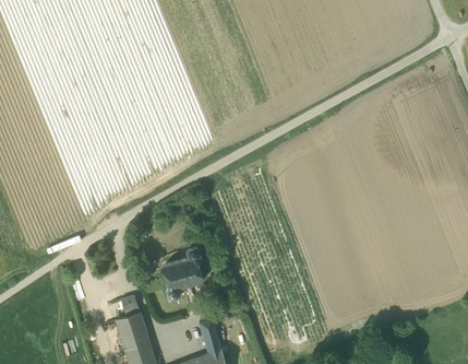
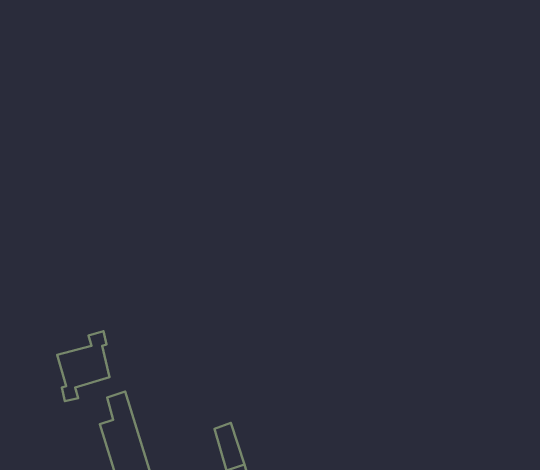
building: [164,247,202,298] -> [57,331,109,401]

